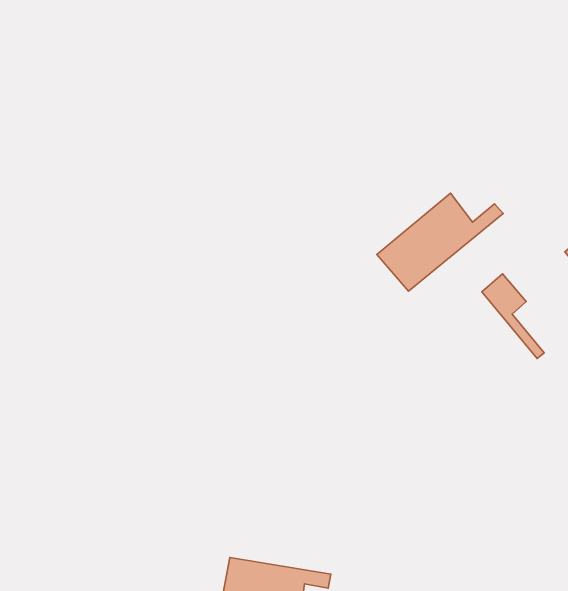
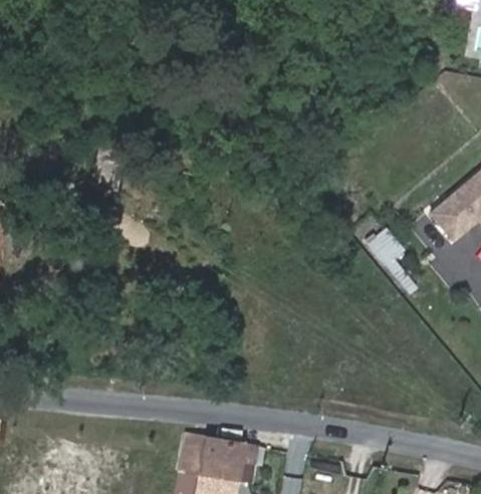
building: [377,193,503,291] -> none

